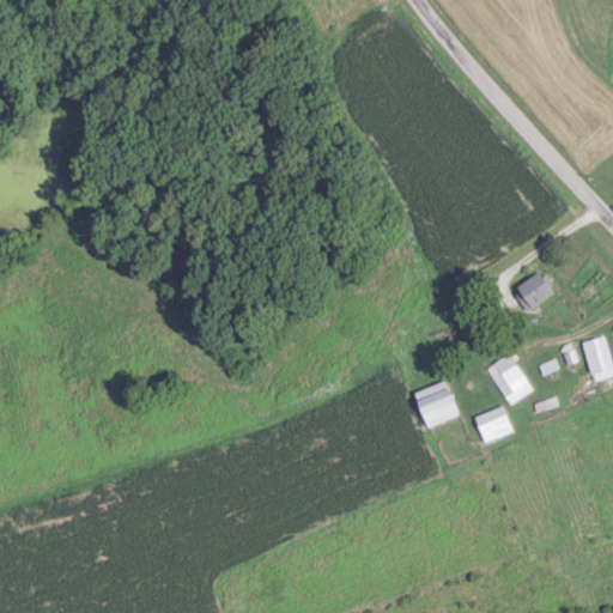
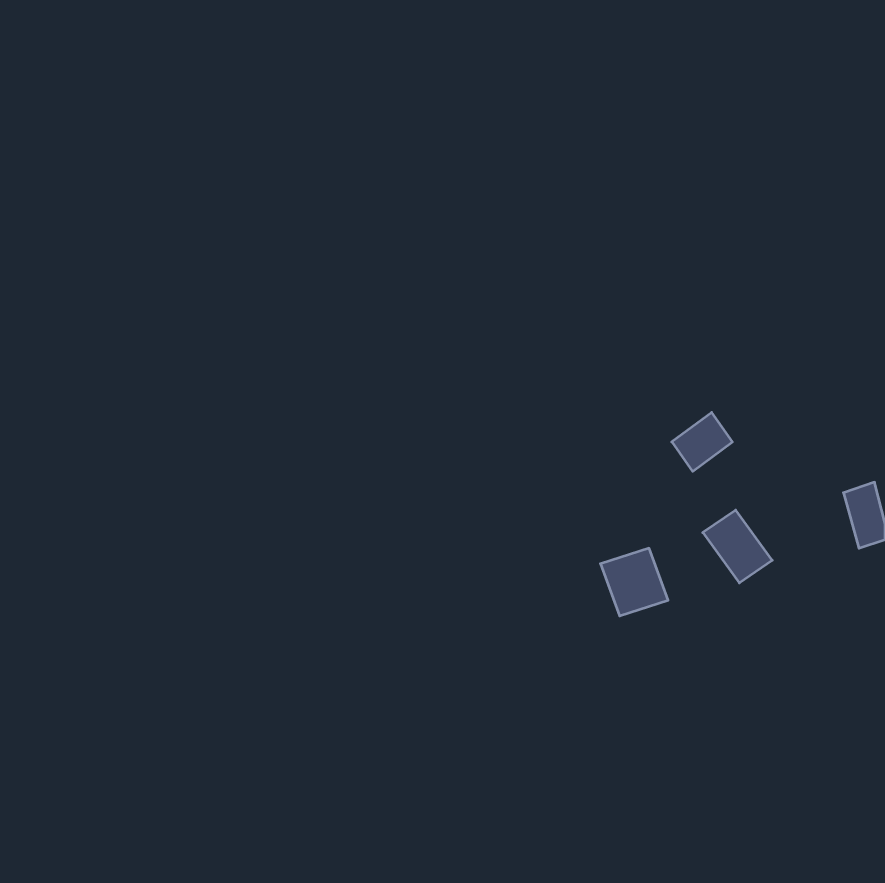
building: [512,271,554,311] -> [672,412,732,471]
building: [475,407,511,443] -> none

